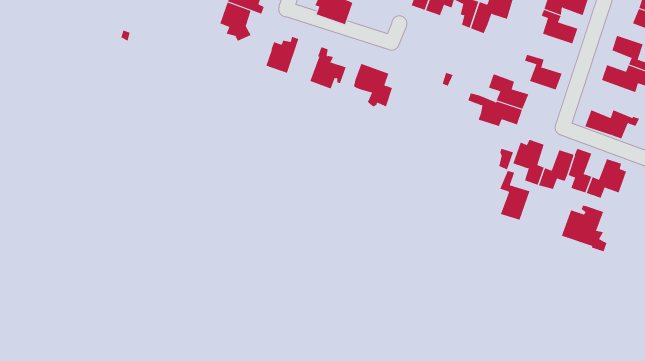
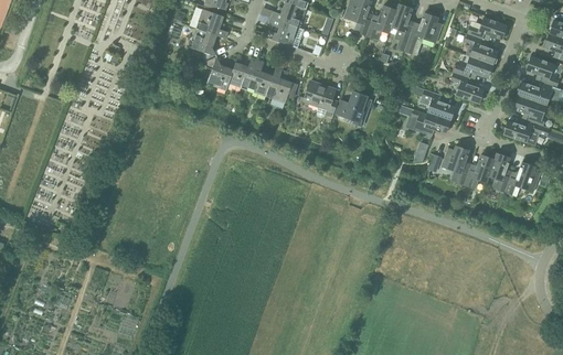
building: none -> [205,56,234,90]
building: none -> [454,56,493,78]
building: none -> [248,60,275,96]
building: none -> [336,90,373,121]
building: none -> [512,95,548,127]
building: [500,170,530,220] -> none
building: [561,205,607,252] -> none

